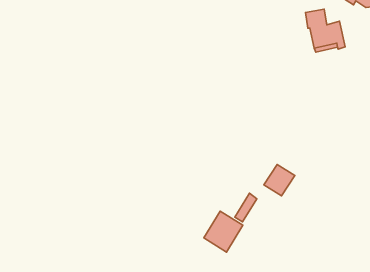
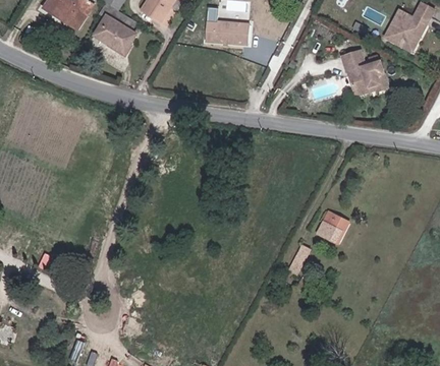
building: [204,211,243,252] -> none

